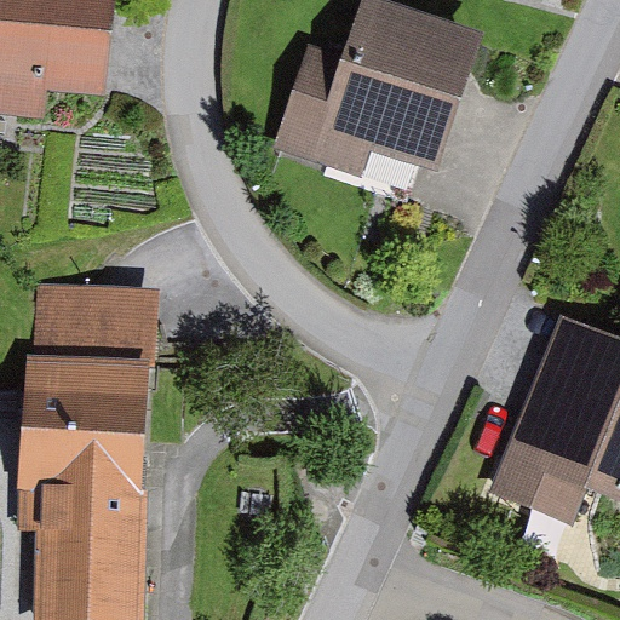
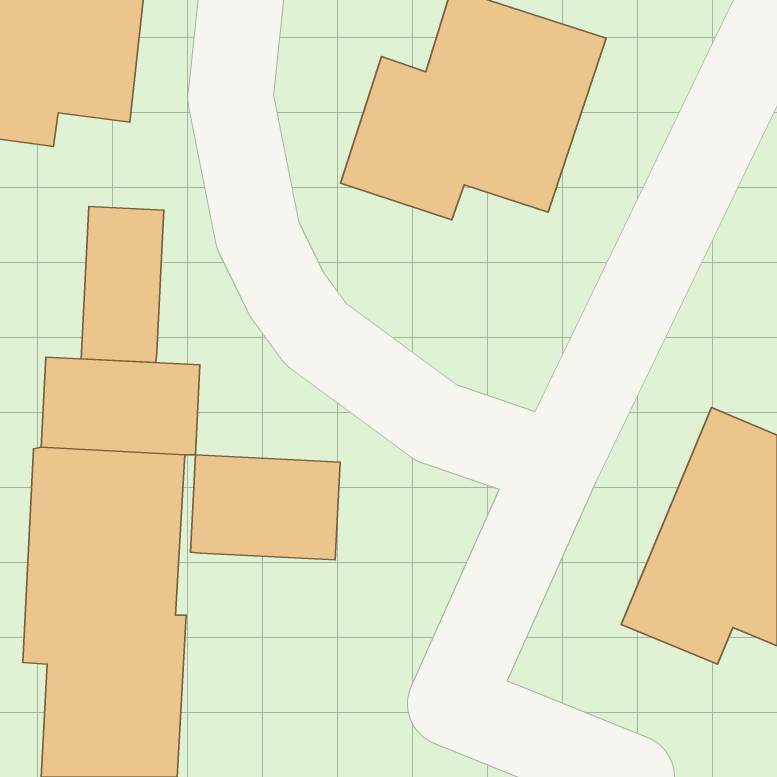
building: none -> [81,206,164,363]
building: none -> [190,455,340,560]

